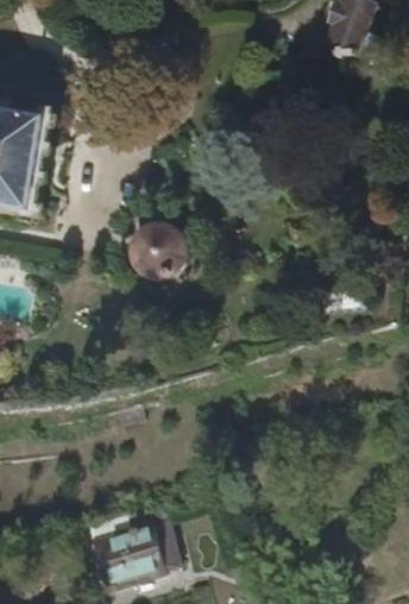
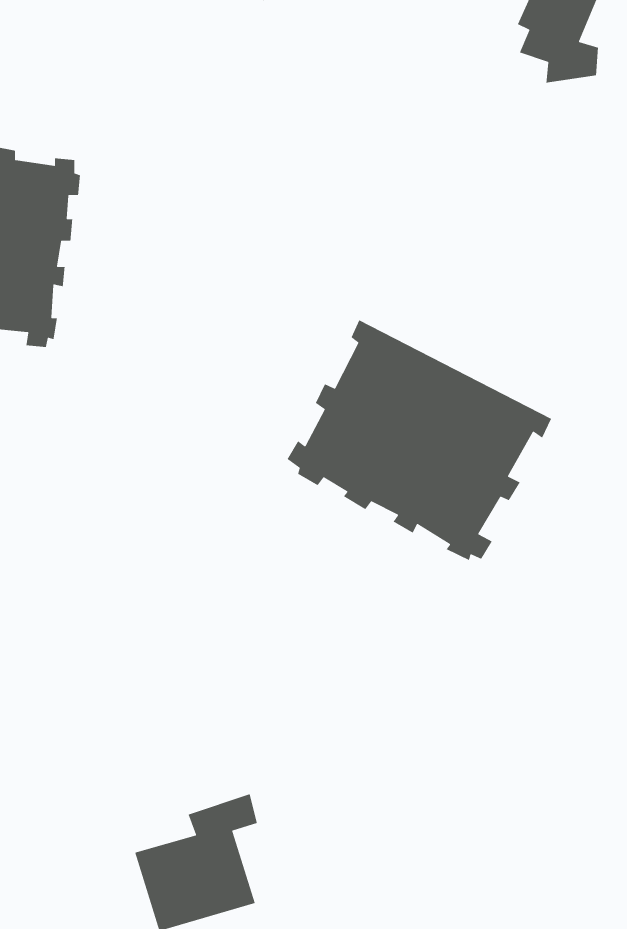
building: none -> [286,319,552,561]
building: [126,219,183,275] -> none

